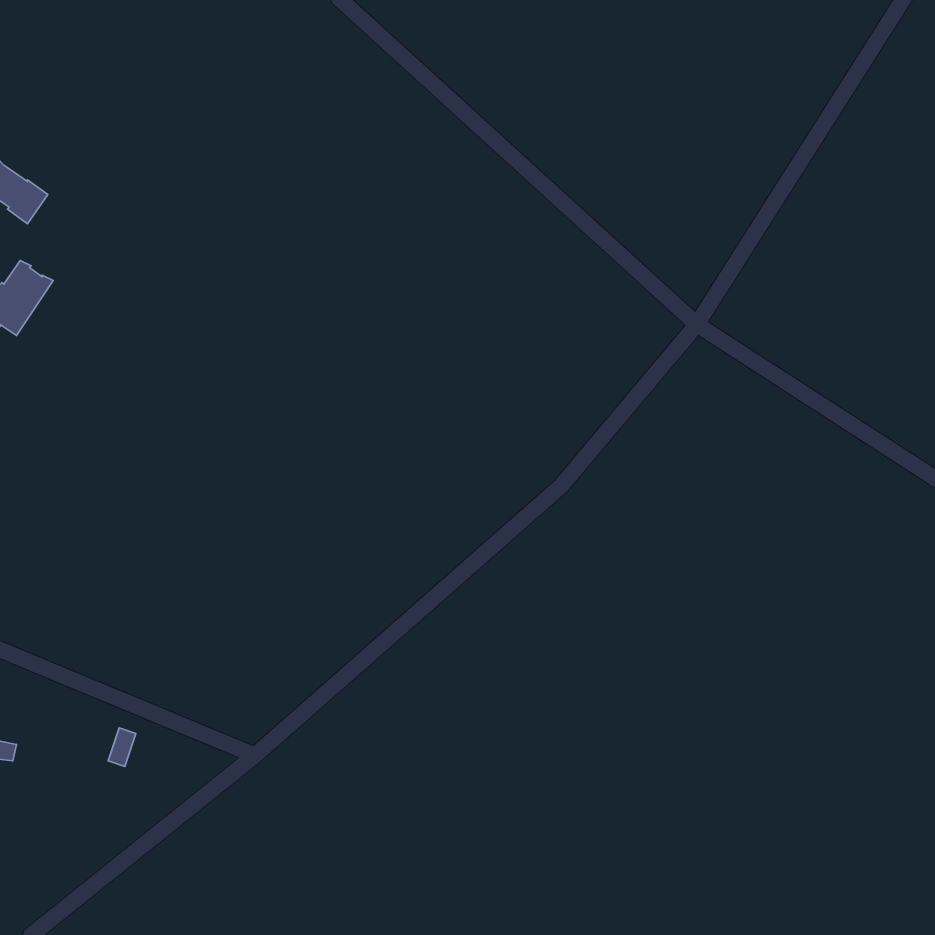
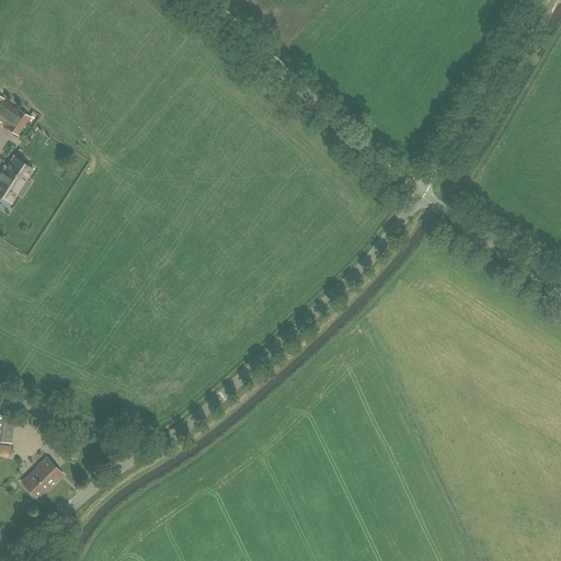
building: none -> [20,456,61,497]

